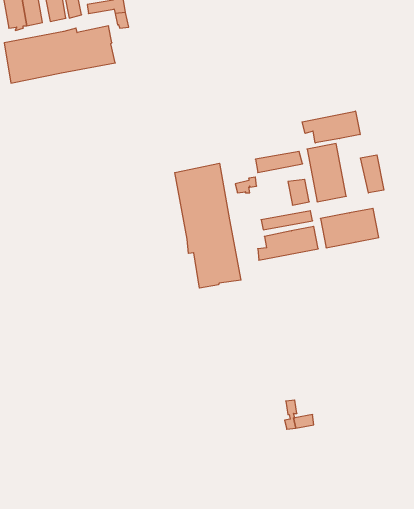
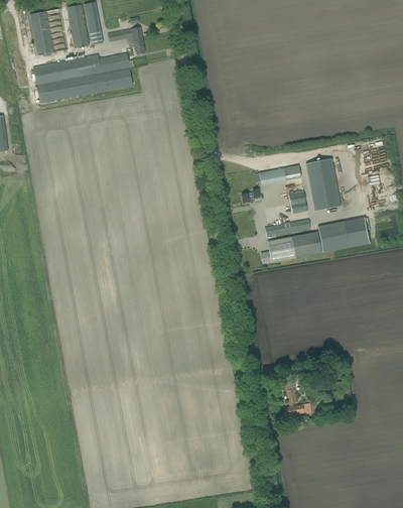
building: [302,111,360,143] -> none
building: [361,155,384,193] -> none
building: [175,163,241,288] -> none

